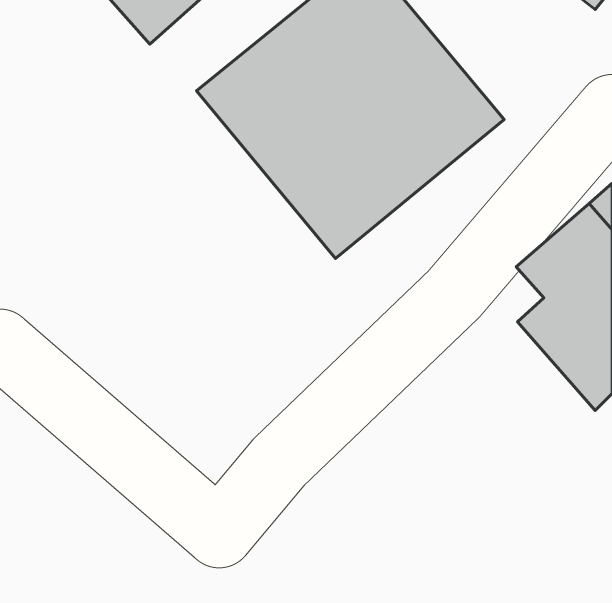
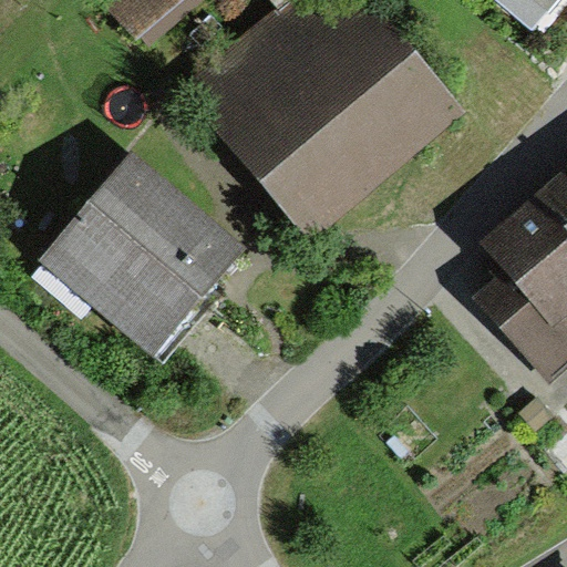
building: none -> [37,152,249,363]

